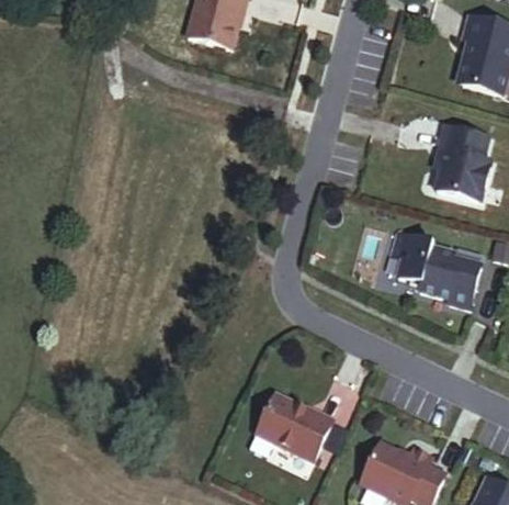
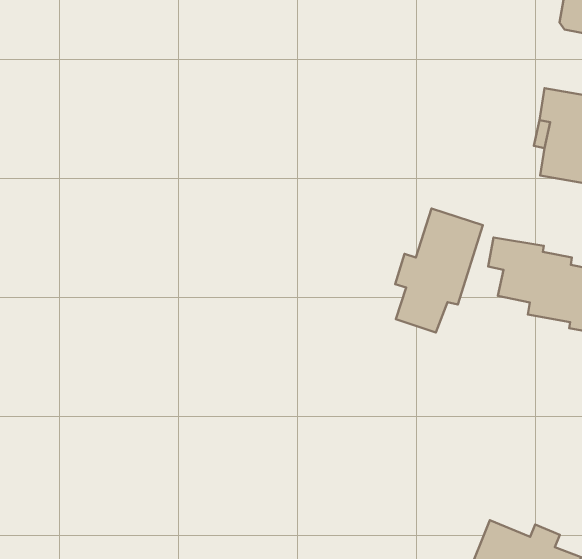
building: none -> [395,208,483,332]
building: [256,392,332,456] -> none

